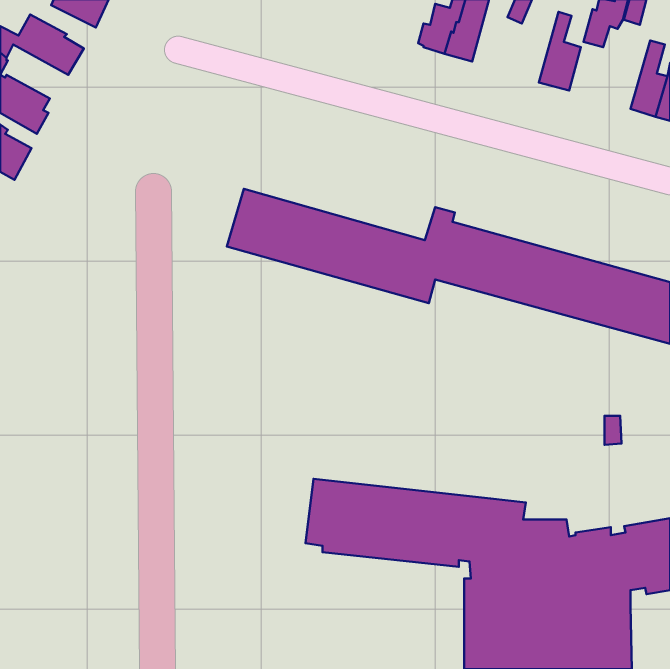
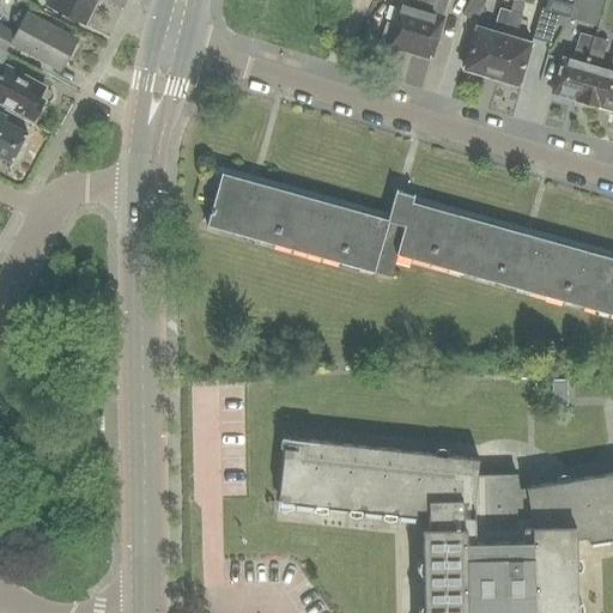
building: none -> [465,8,510,75]
building: none -> [552,32,594,99]

